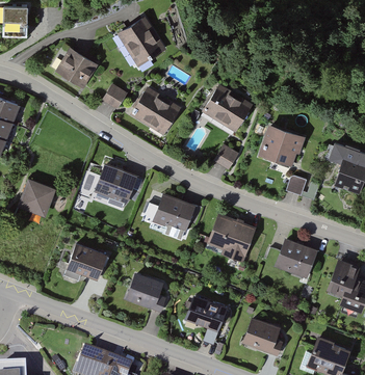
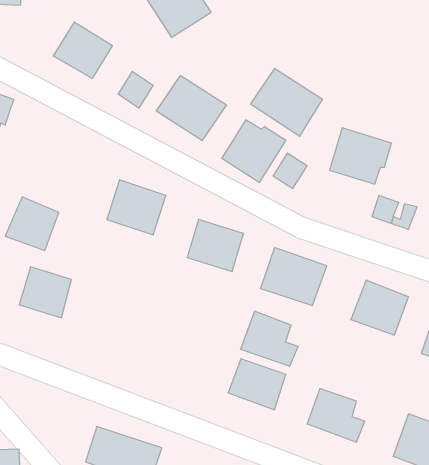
building: none -> [222,120,286,183]
building: [64,242,103,279] -> [19,267,71,318]
building: [123,271,165,312] -> [240,311,298,366]

